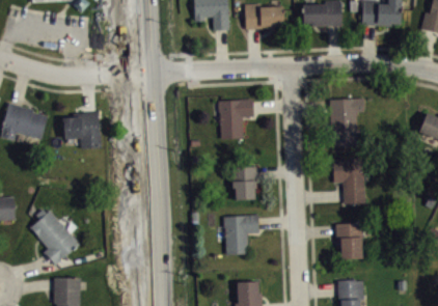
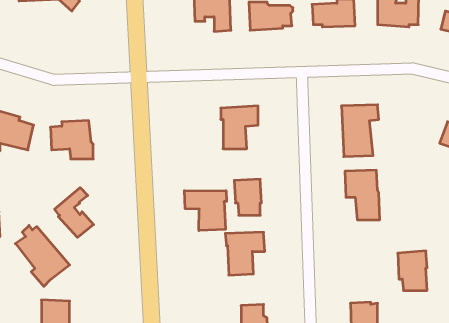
building: none -> [55,188,94,237]
building: none -> [184,191,227,231]
building: [336,223,363,259] -> [398,251,427,290]

